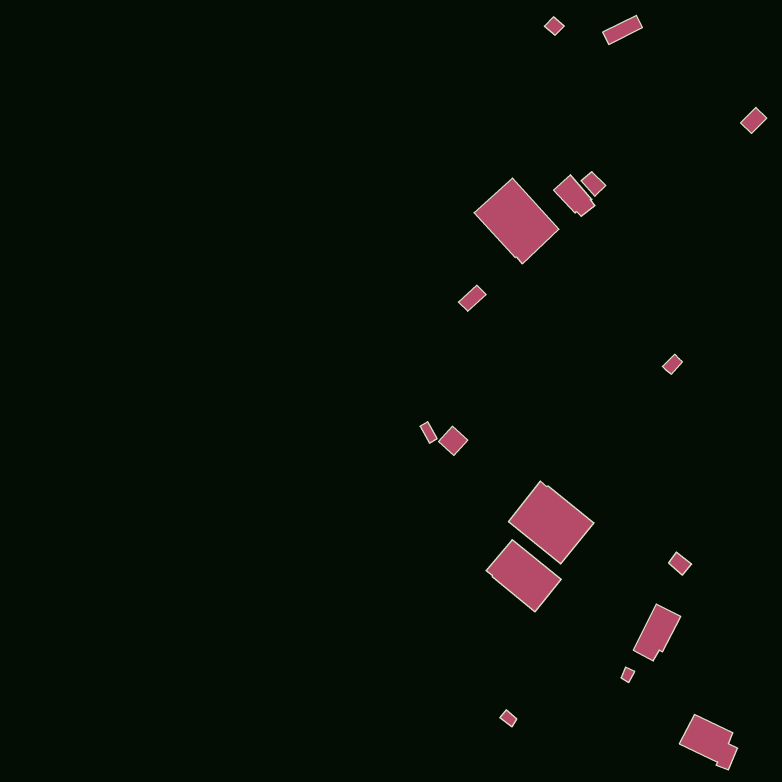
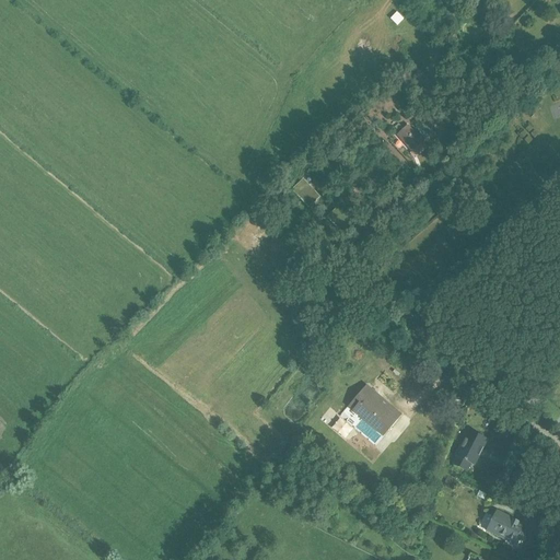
building: [474,178,559,264] -> none
building: [509,481,594,564] -> none

